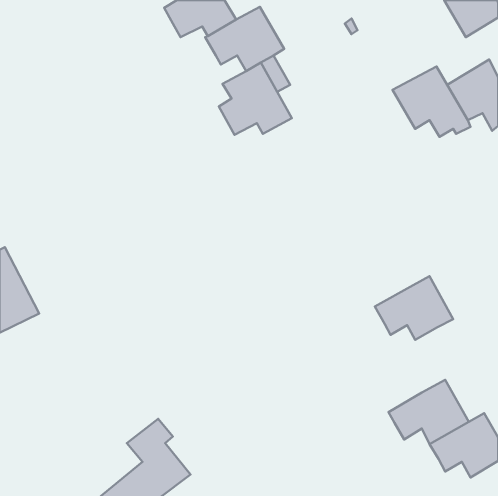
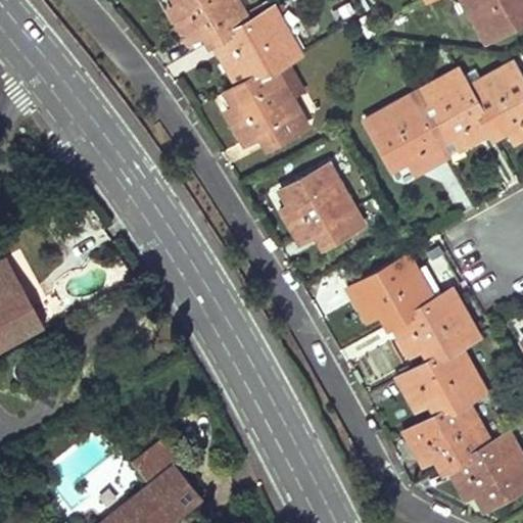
building: none -> [368,97,444,172]
building: none -> [284,167,361,244]
building: none -> [350,256,432,324]
building: none -> [398,345,483,414]

